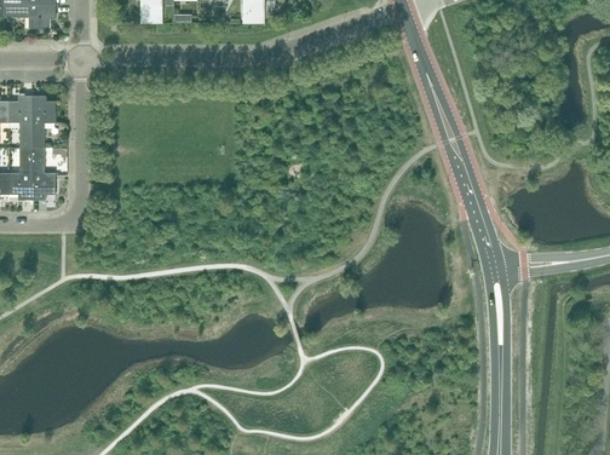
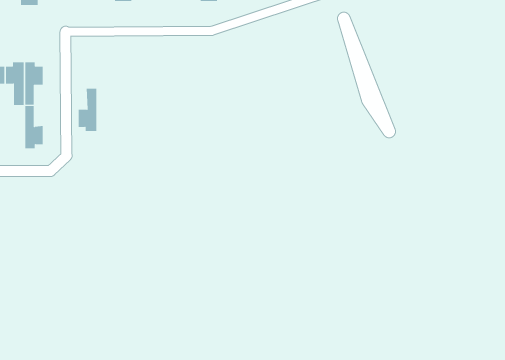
building: [8,146,31,198] -> [78,88,97,132]

